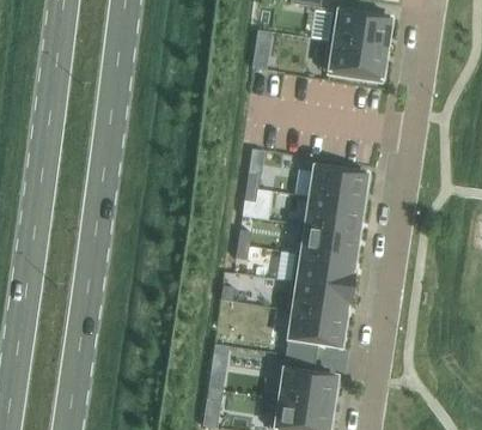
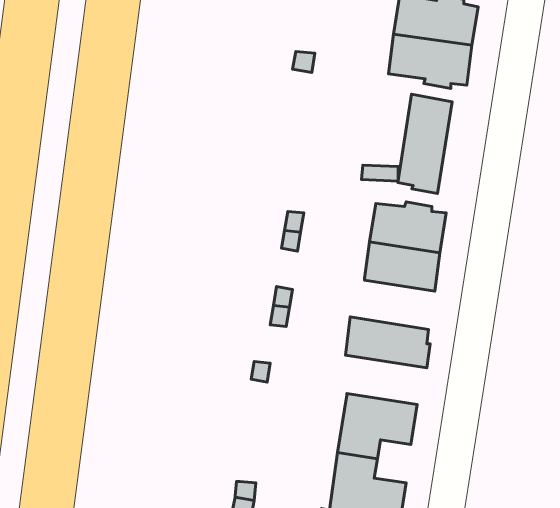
building: none -> [398,94,452,194]
building: [295,222,359,261] -> none
building: [287,280,353,317] -> none

